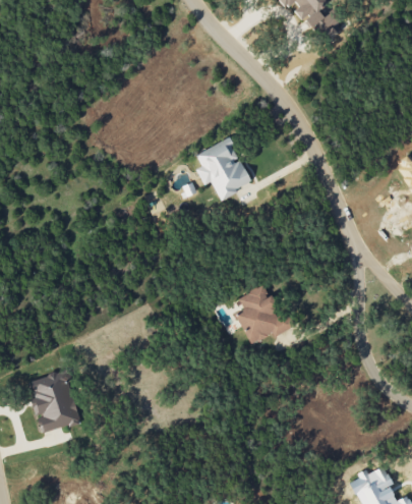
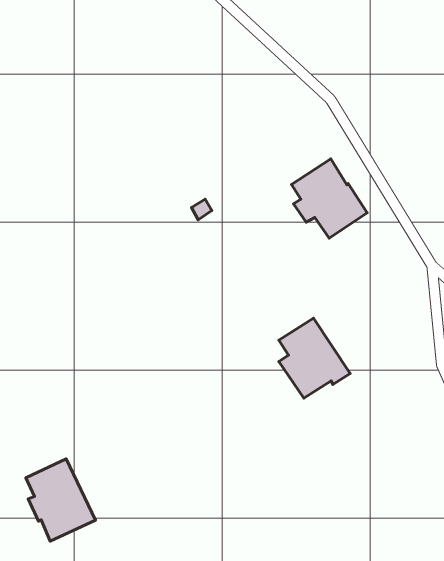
building: [196,136,252,198] -> [291,159,367,238]

